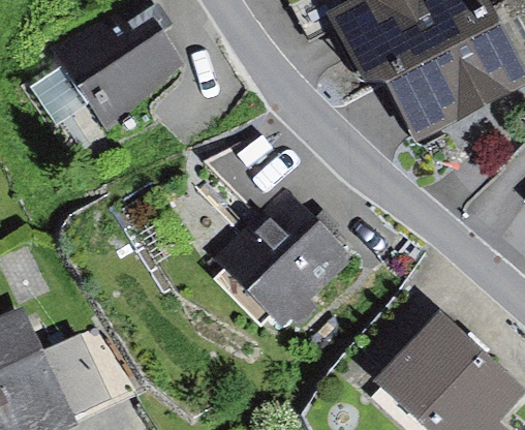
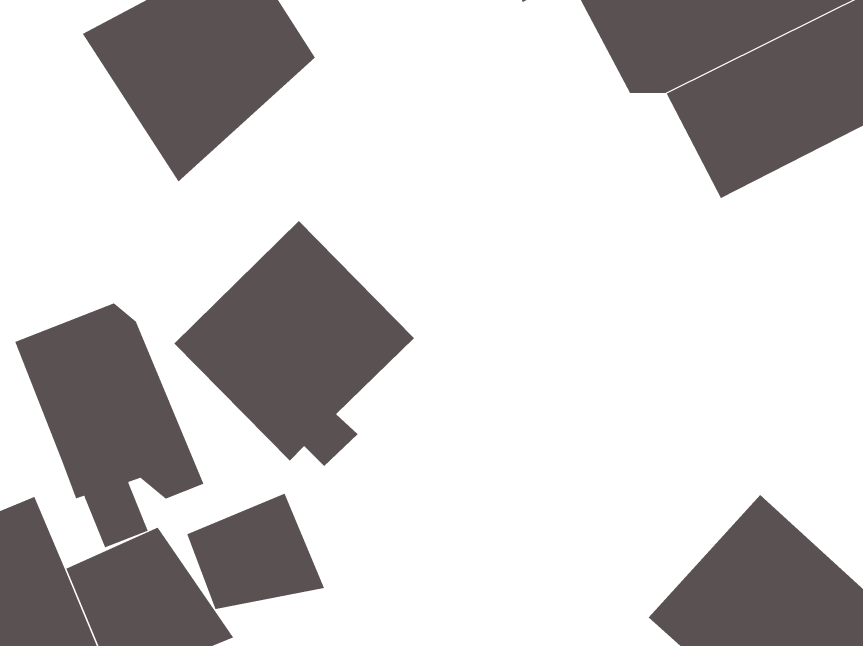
building: [215,188,352,329] -> [174,220,415,467]
building: none -> [15,303,204,548]
building: none -> [186,493,325,610]

